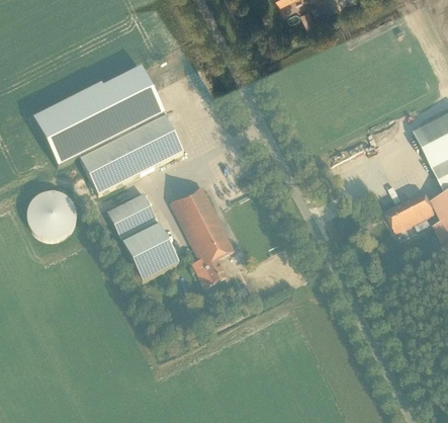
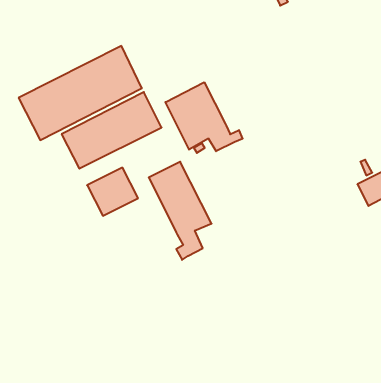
building: none -> [165,82,243,151]
building: [27,190,76,239] -> none
building: [122,224,178,280] -> none

